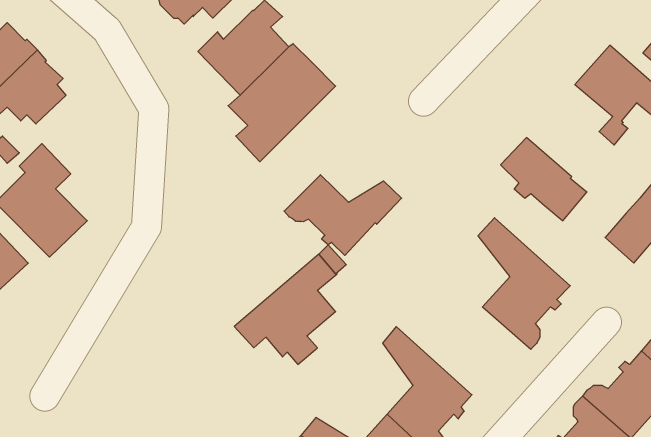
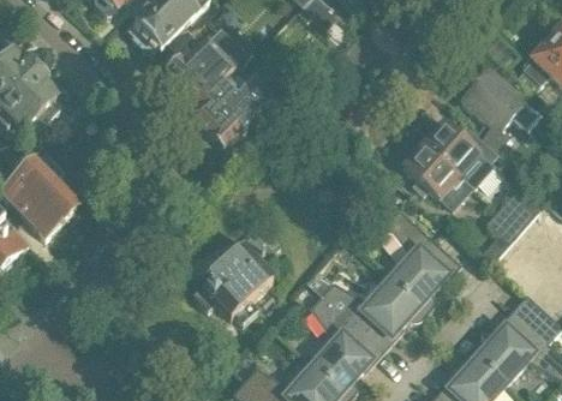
building: none -> [424,119,479,173]
building: [284,175,402,255] -> none
building: none -> [321,276,428,346]

